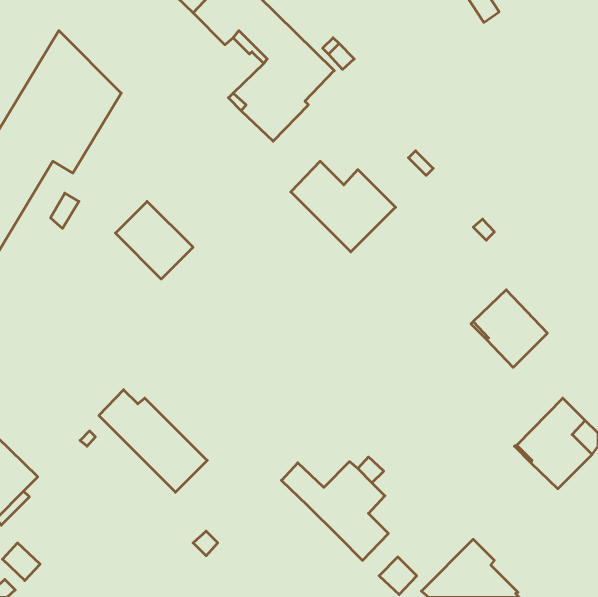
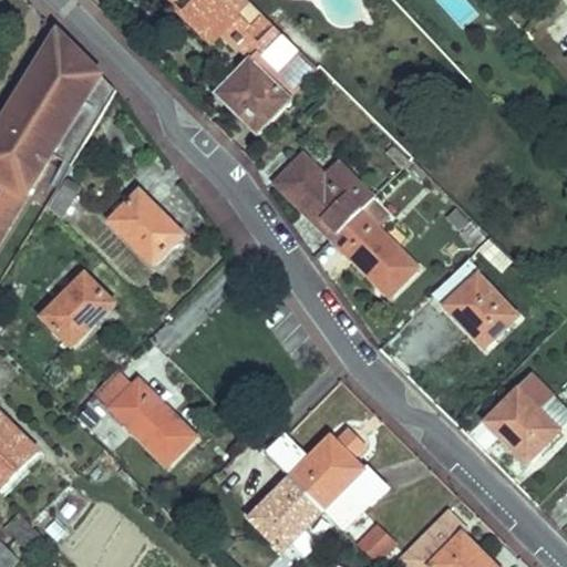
building: none -> [330,198,415,293]
building: none -> [40,271,113,344]
building: none -> [248,475,319,548]

